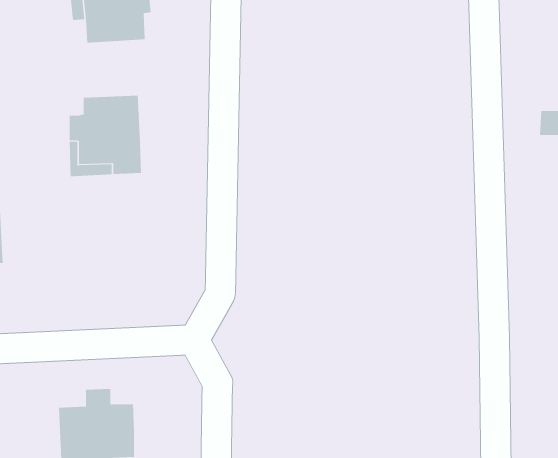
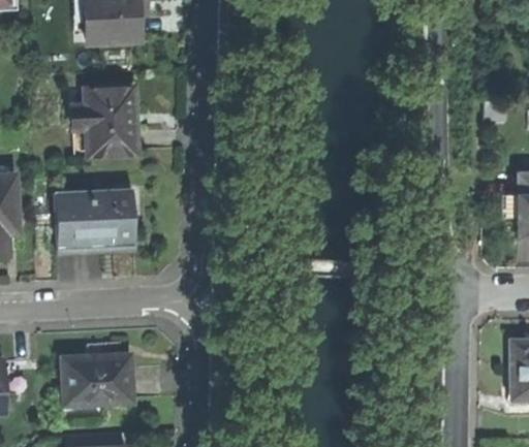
building: none -> [54,189,136,246]

